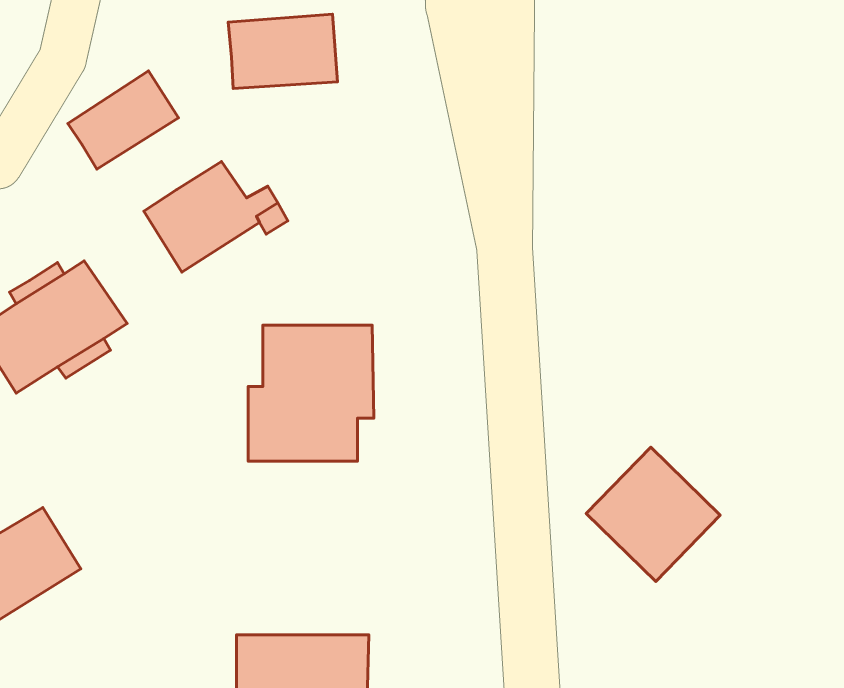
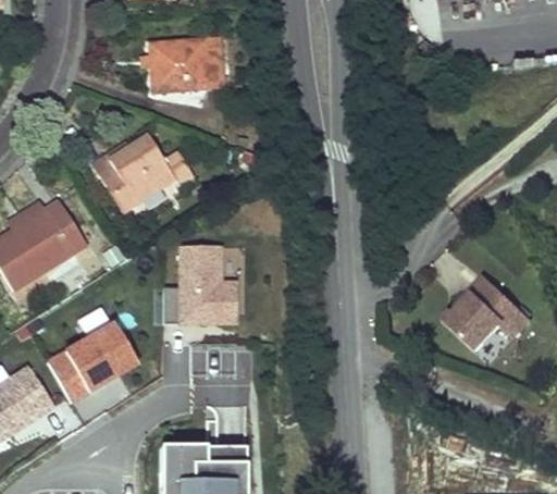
building: [68,71,178,169] -> none
building: none -> [48,320,138,396]
building: [586,447,720,581] -> [442,272,530,360]

